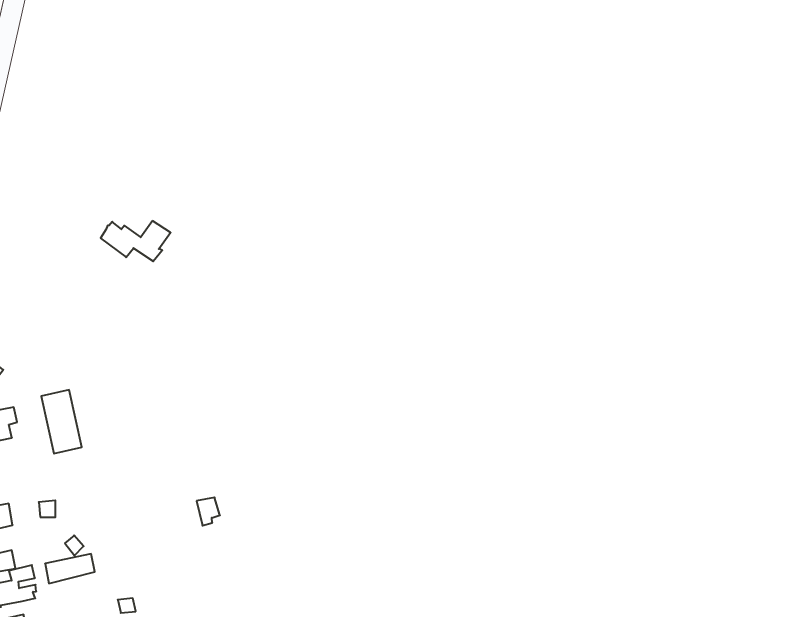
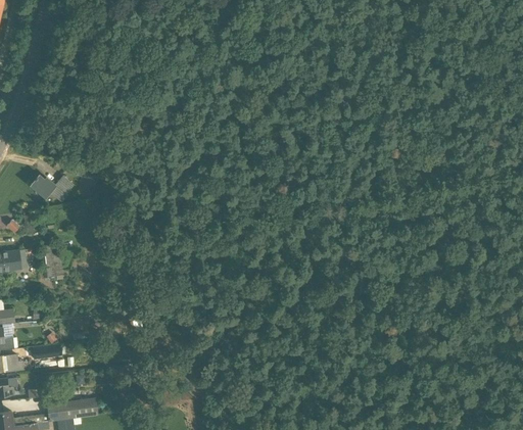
building: [101,221,171,261] -> [31,177,74,203]

